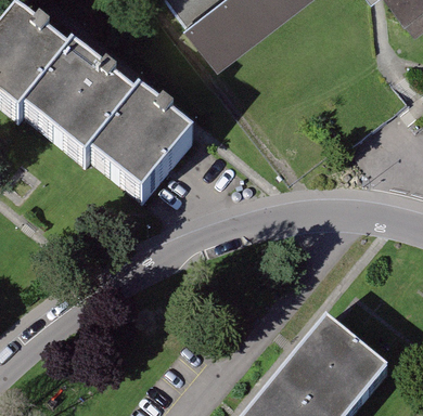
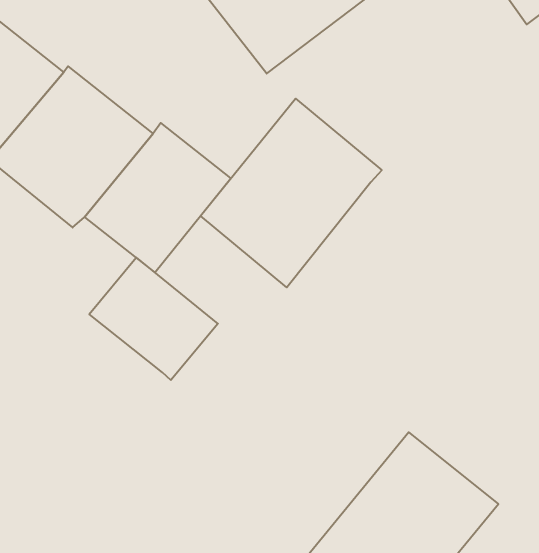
building: none -> [201,99,382,287]
building: none -> [89,258,218,380]

